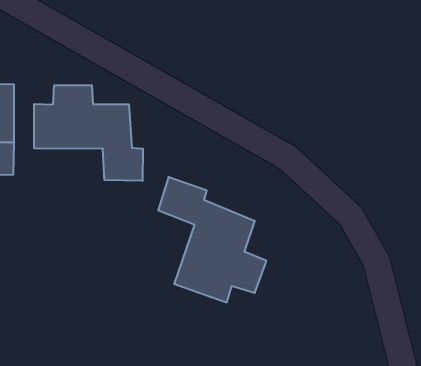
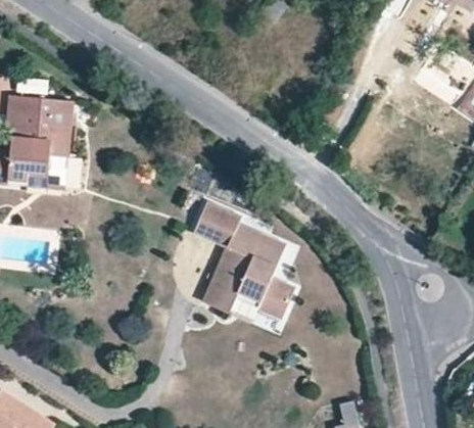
building: [34,85,143,181] -> none

